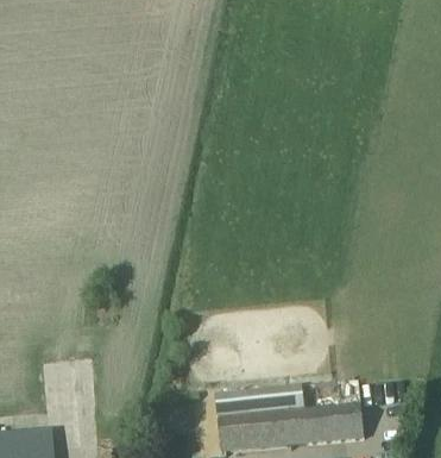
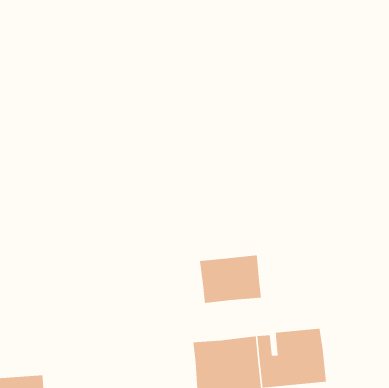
building: none -> [199,255,262,304]

